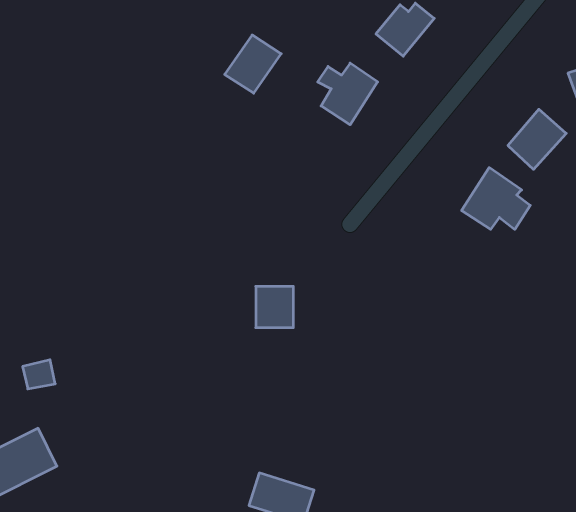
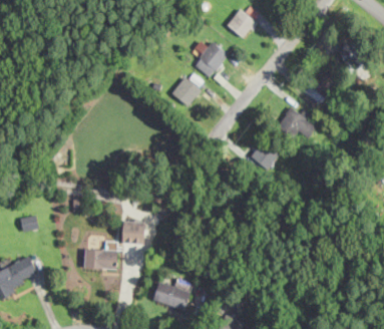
building: [225,35,281,93] -> [171,71,205,105]
building: none -> [251,140,280,170]
building: [256,286,293,328] -> [123,221,145,245]
building: none -> [84,249,117,269]

